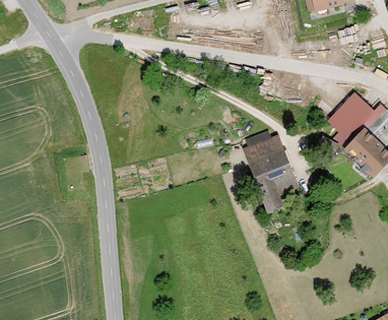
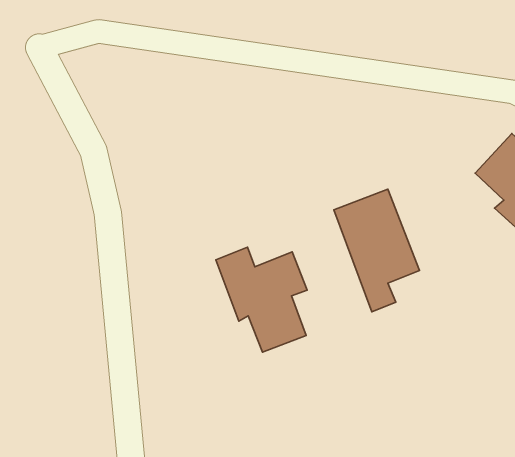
building: none -> [216,247,307,352]

